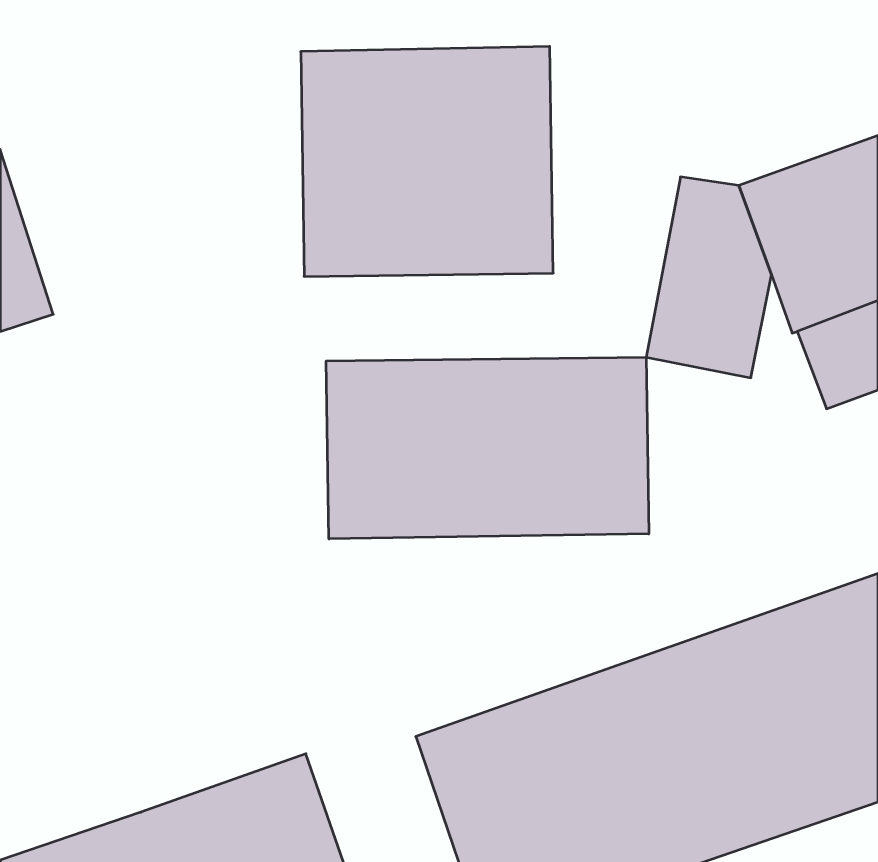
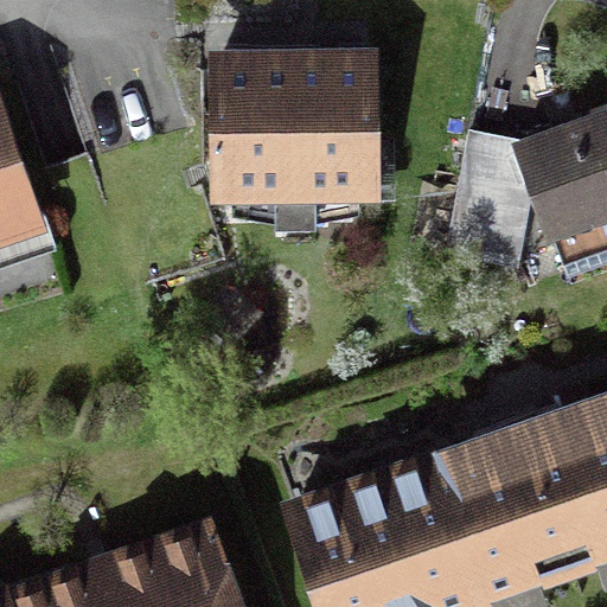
building: [326,357,649,539] -> none

